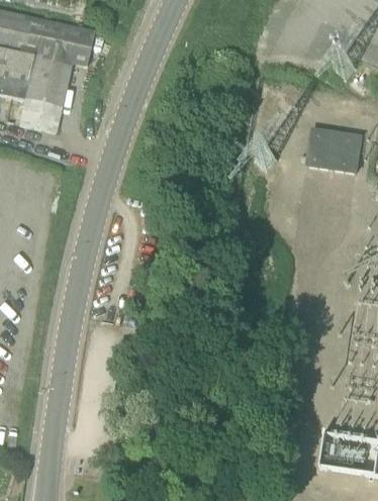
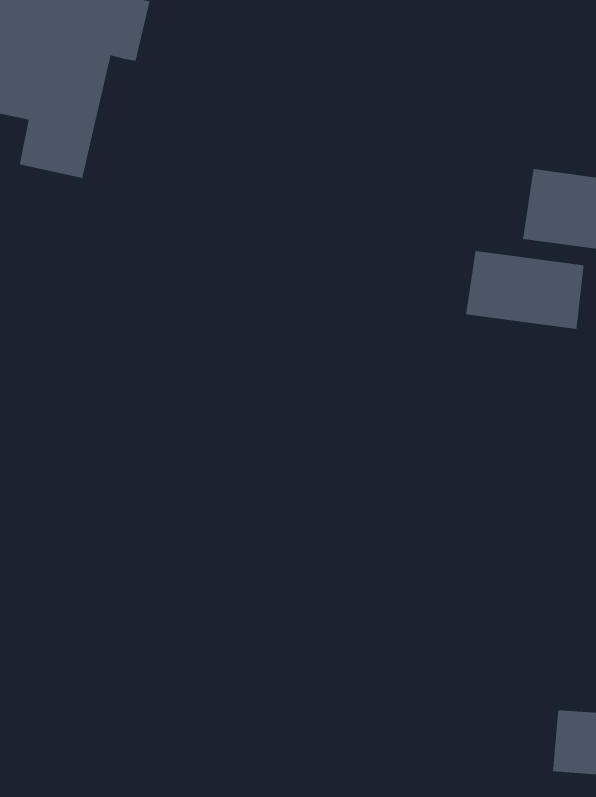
building: none -> [465,250,585,330]

